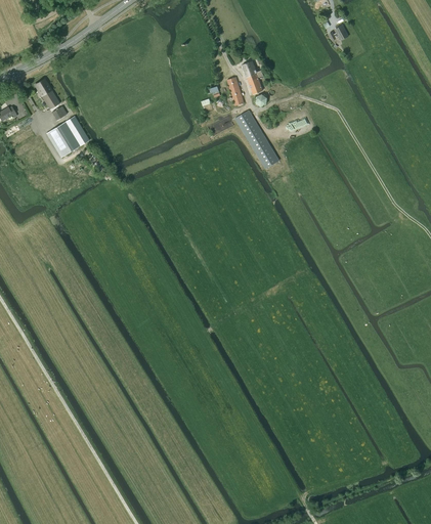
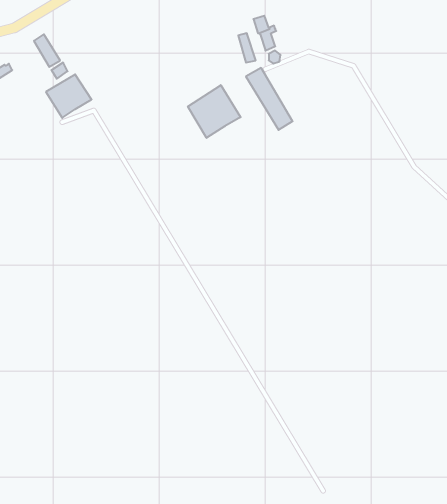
building: none -> [188,85,241,138]

